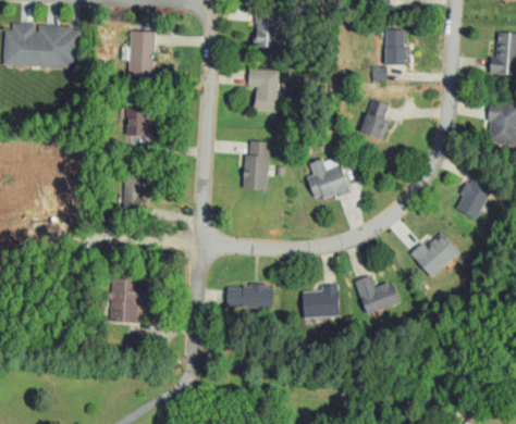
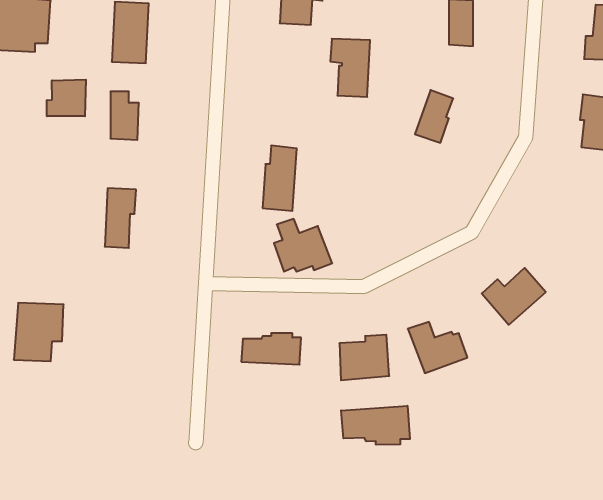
building: [248,68,279,113] -> [330,39,370,97]
building: none -> [47,80,86,116]
building: [306,158,351,198] -> [274,219,332,272]
building: [455,175,493,219] -> none
building: [108,277,146,322] -> [14,303,64,361]
building: none -> [341,406,410,445]

